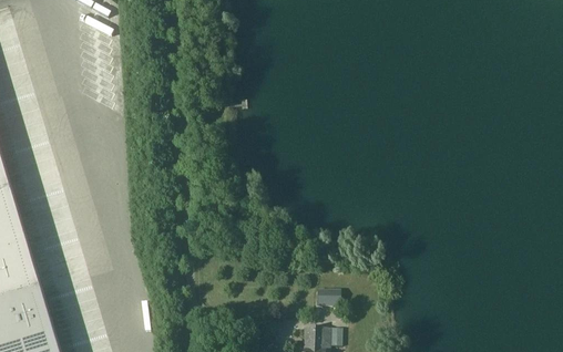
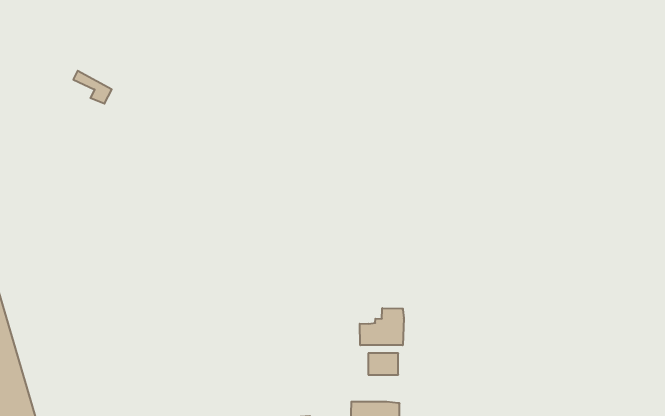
building: none -> [360,308,404,345]

